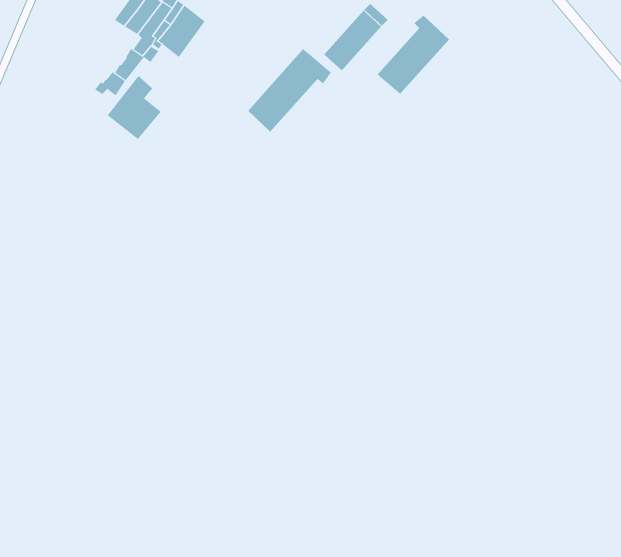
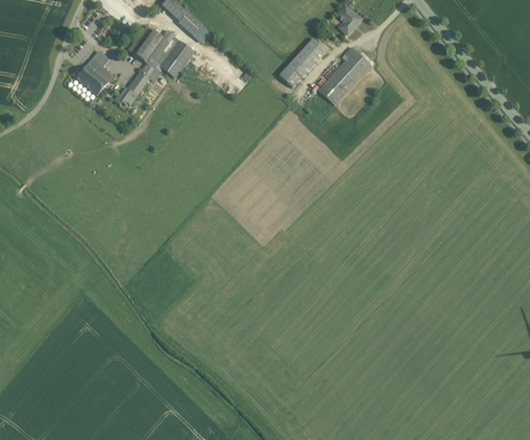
building: [247,48,331,132] -> none
building: [107,75,162,140] -> [76,49,115,96]

